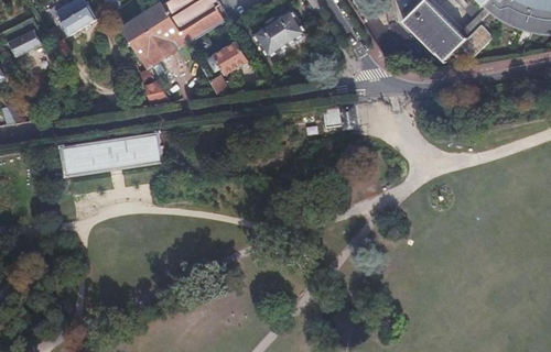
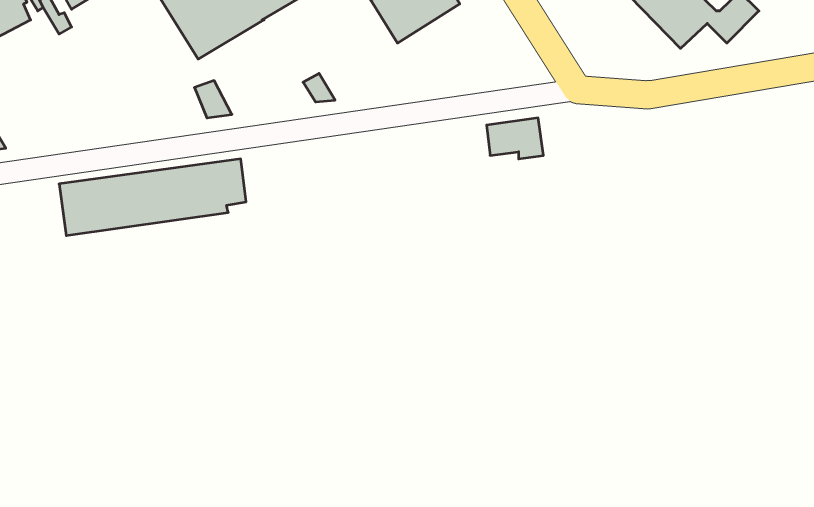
building: [214,42,247,74] -> none

